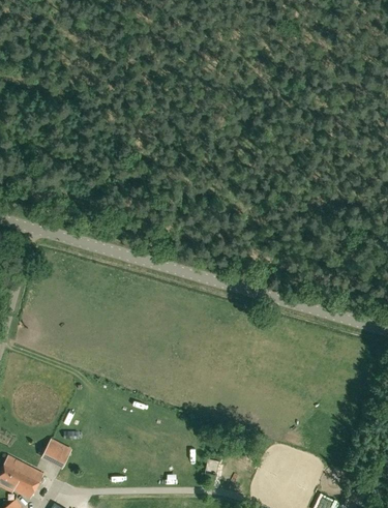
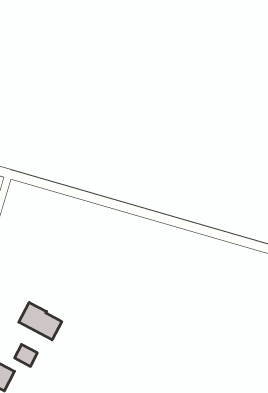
building: none -> [19,302,62,340]

